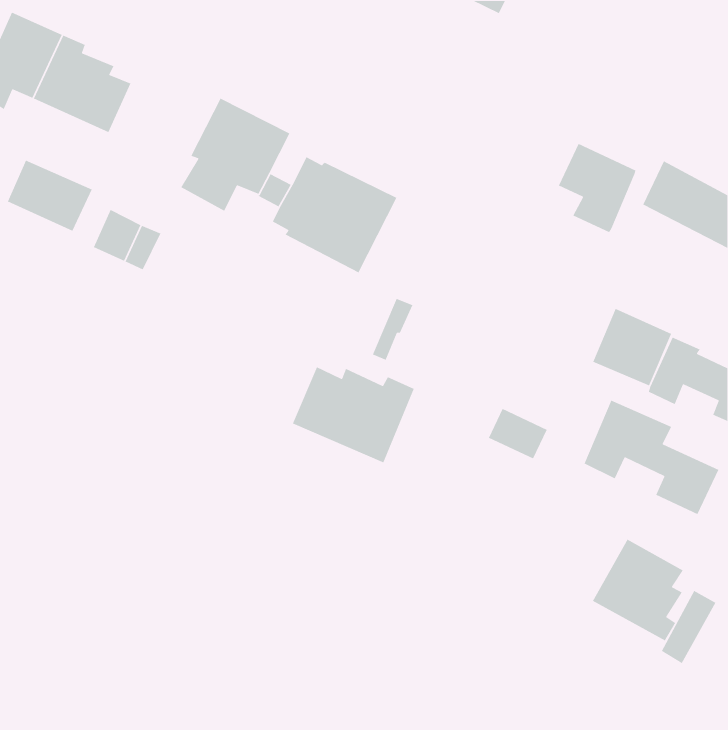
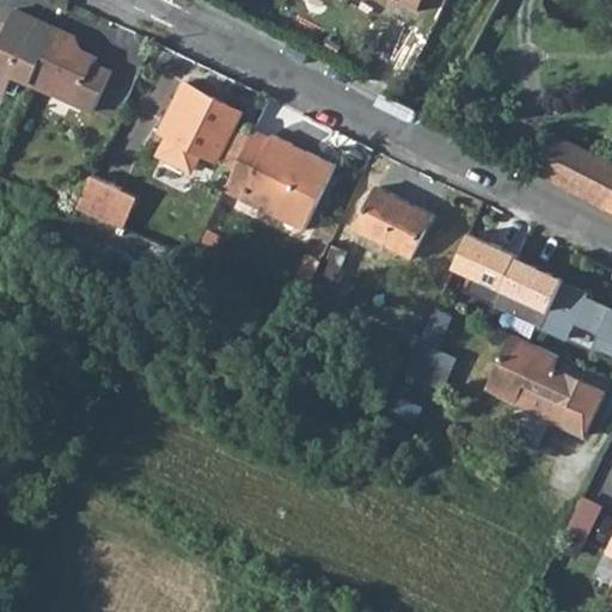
building: [558,143,637,233] -> [449,232,515,307]
building: [7,160,93,232] -> none
building: none -> [355,189,430,258]
building: [292,366,415,463] -> none
building: [592,538,684,641] -> none

